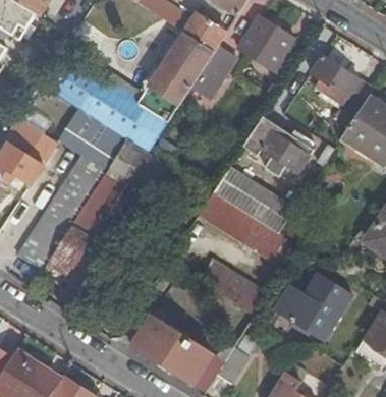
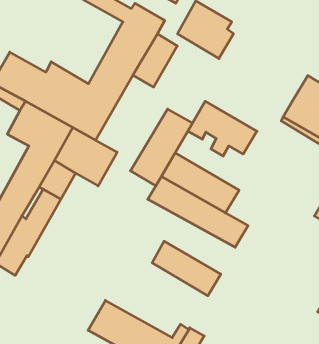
building: [309,54,373,122] -> none
building: none -> [130,109,192,186]
building: [277,273,352,339] -> none

